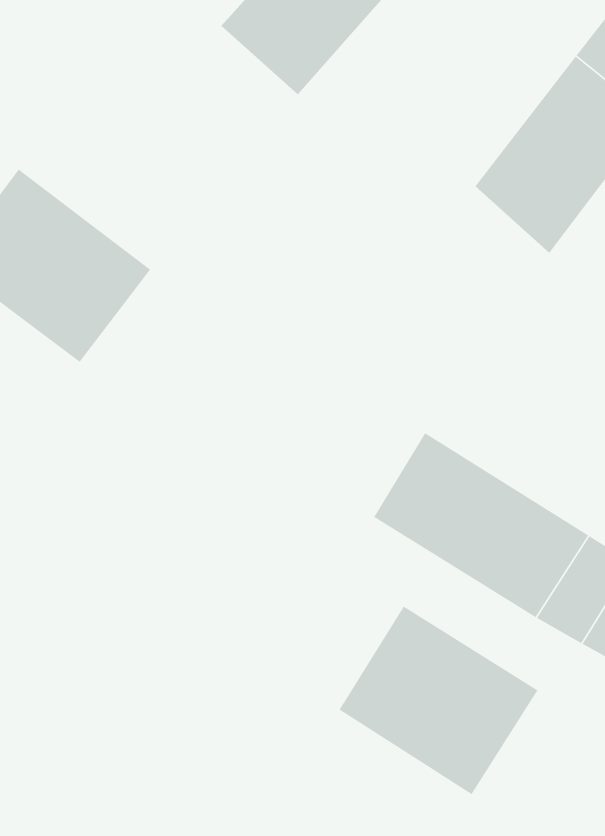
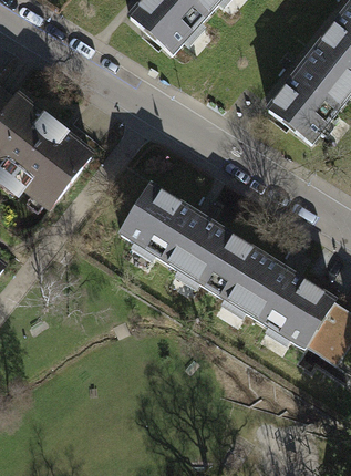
building: none -> [121,186,241,290]
building: [339,606,539,795] -> none

